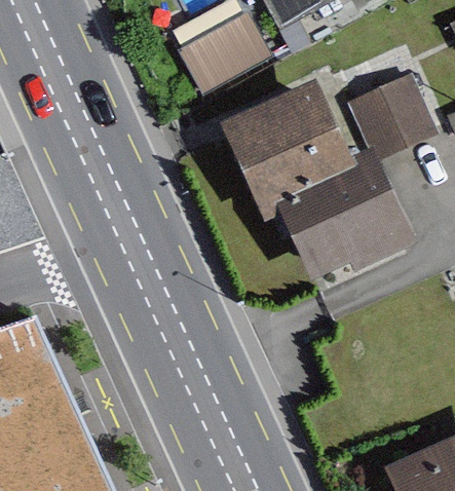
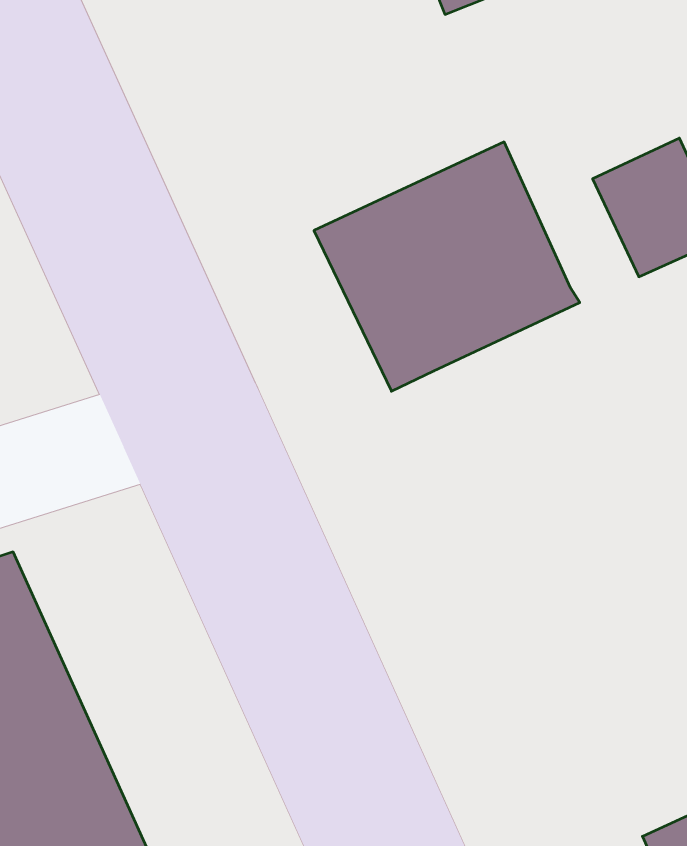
building: [179,13,271,98] -> none
building: [270,154,405,285] -> none

